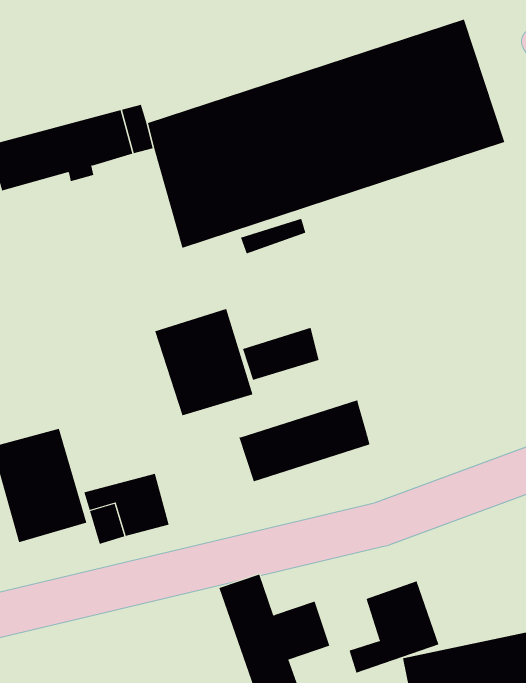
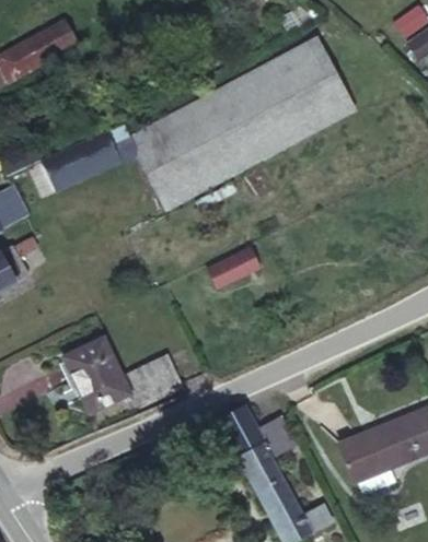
building: [154,308,253,416] -> none
building: [239,399,370,482] -> none
building: [349,581,439,673] -> none

